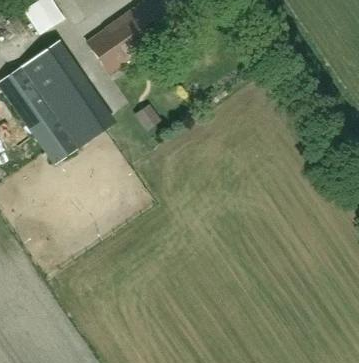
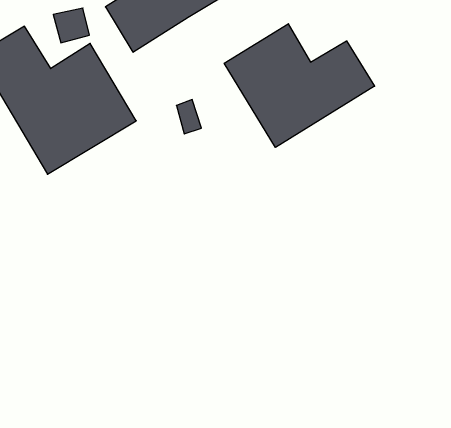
building: none -> [224,24,375,147]

